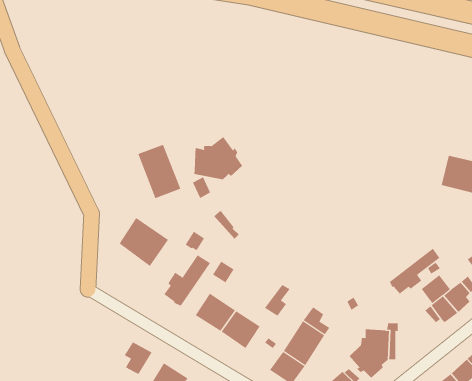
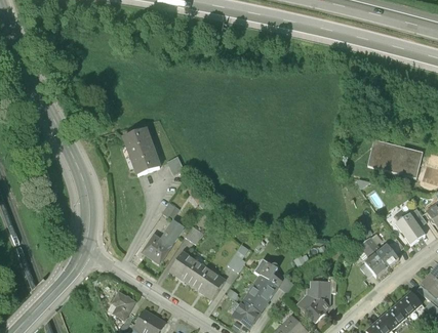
building: [194,136,243,180] -> none
building: [119,217,169,267] -> none
building: [389,248,440,295] -> none

